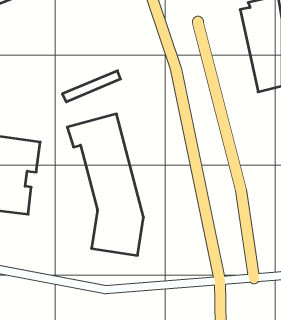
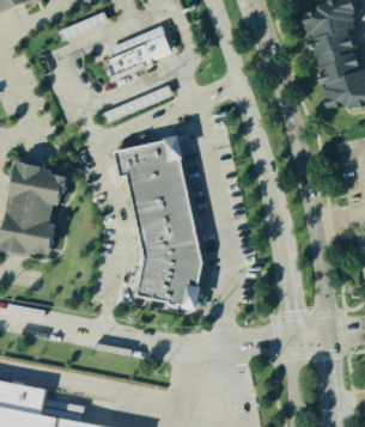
building: none -> [109,26,175,74]

